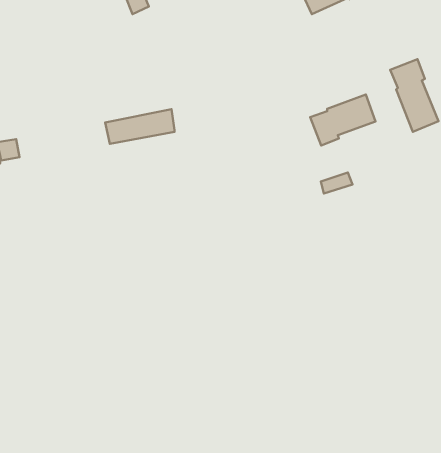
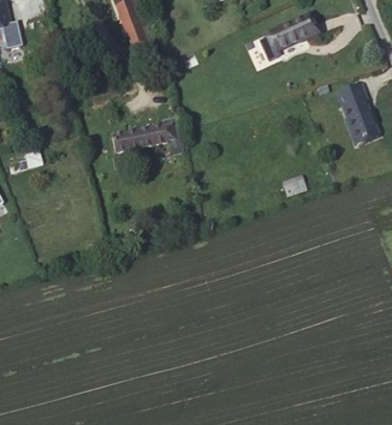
building: [310,94,376,145] -> none

